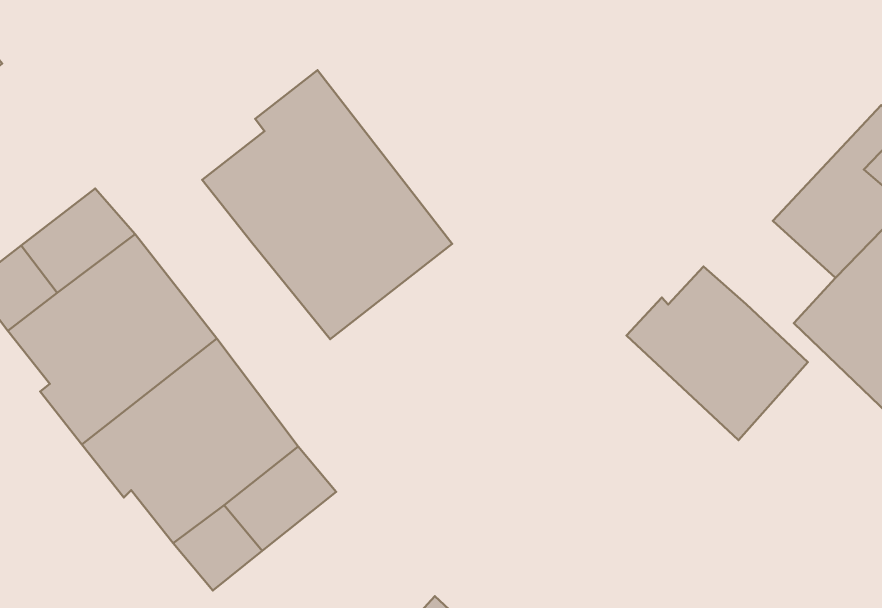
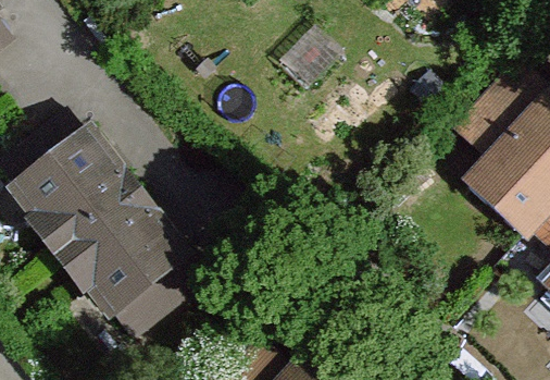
building: [202,70,452,339] -> none
building: [626,267,808,440] -> none

